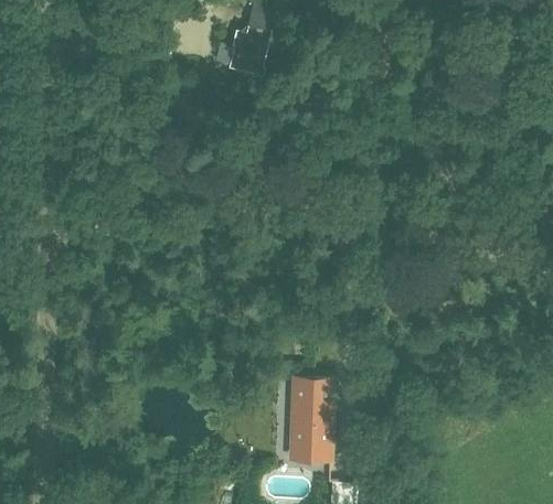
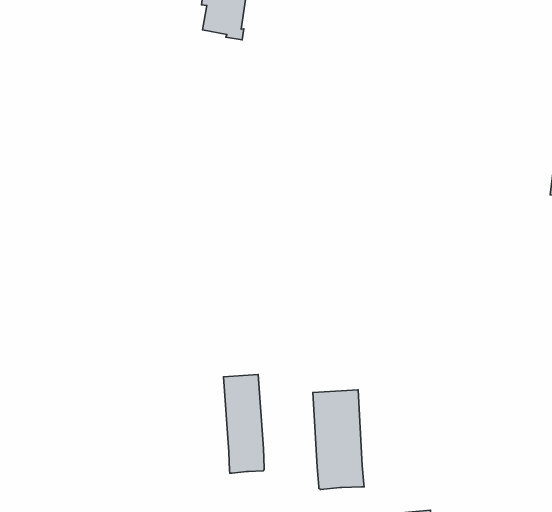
building: none -> [224,375,264,473]

